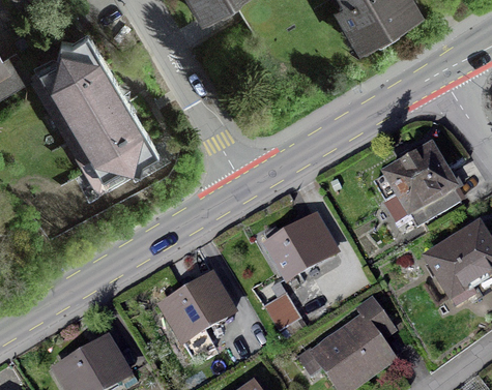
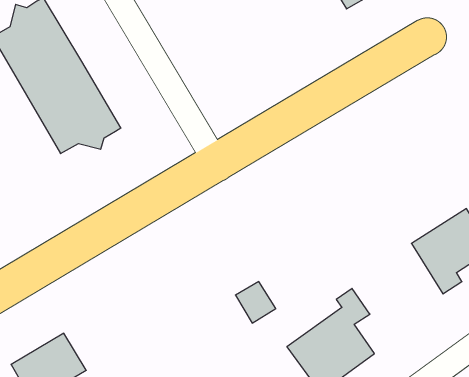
building: [373,152,459,228] -> none
building: [263,219,334,280] -> none
building: [162,279,231,343] -> none

